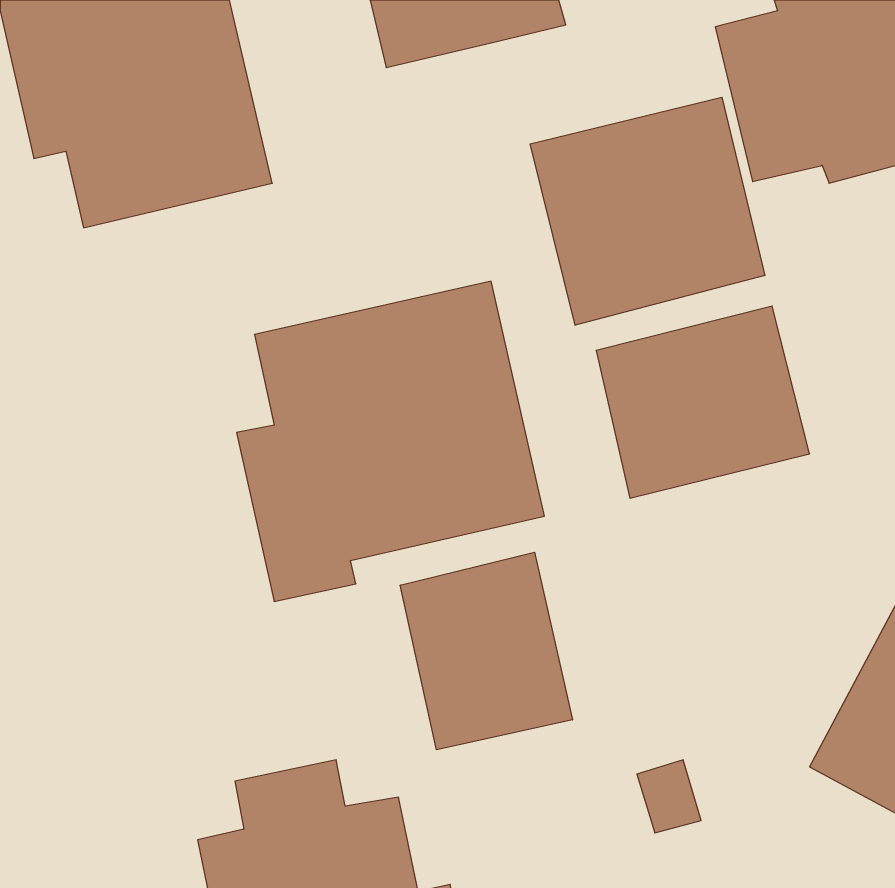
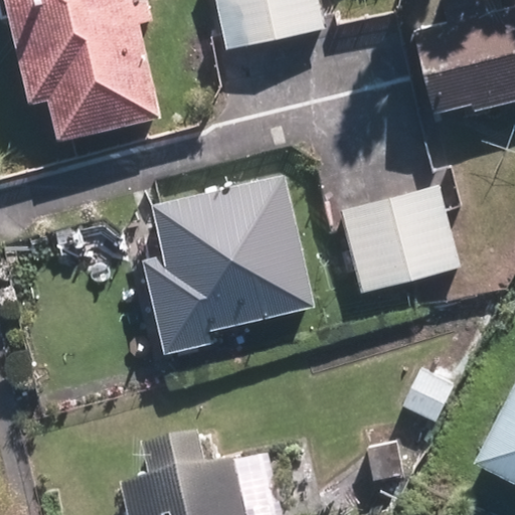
building: [530,97,765,325] -> none
building: [400,552,572,750] -> none

